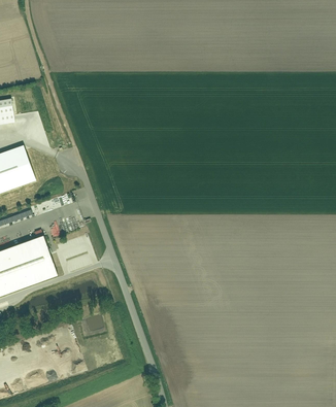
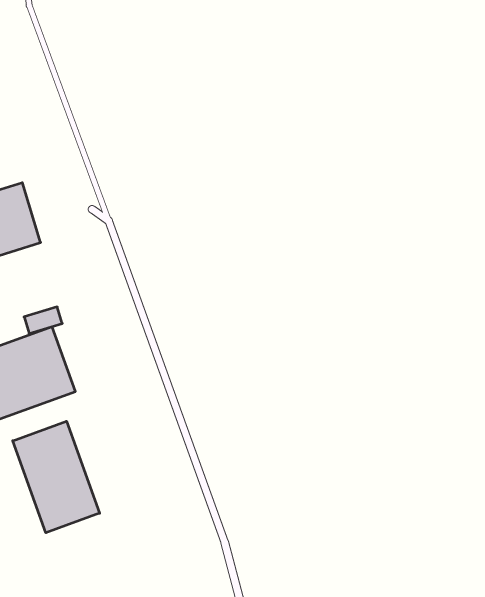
building: none -> [13,421,100,533]

